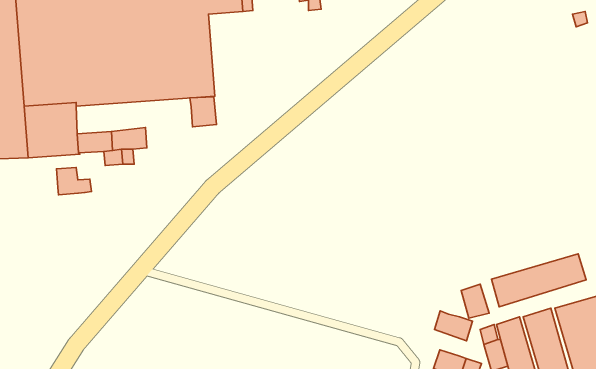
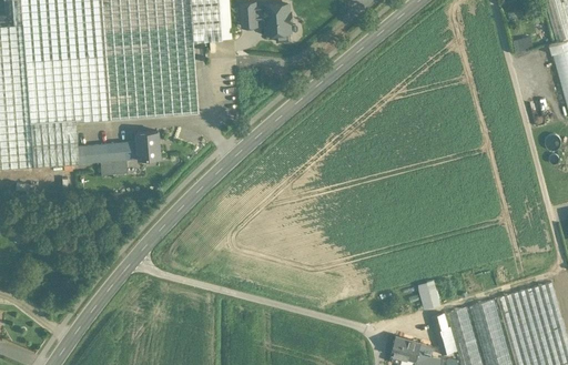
building: [190,97,216,127] -> [136,132,160,159]
building: [57,167,91,195] -> none
building: [492,254,586,307] -> none
building: [435,311,472,341] -> none

